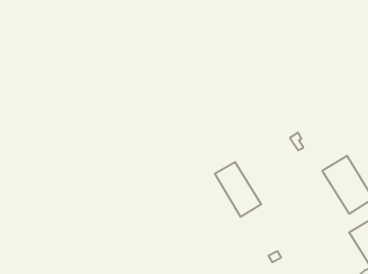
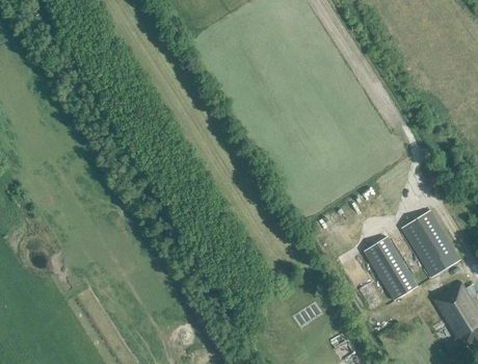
building: [215,162,261,217] -> [364,236,418,300]

